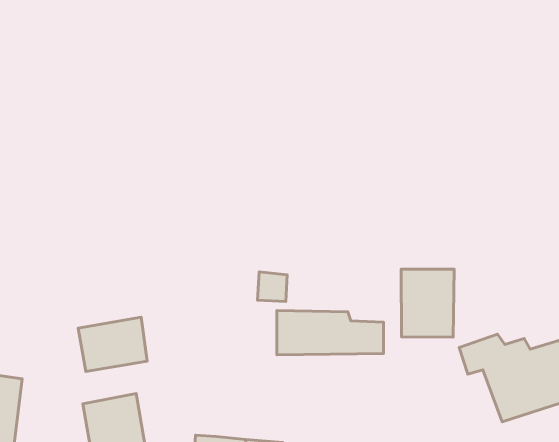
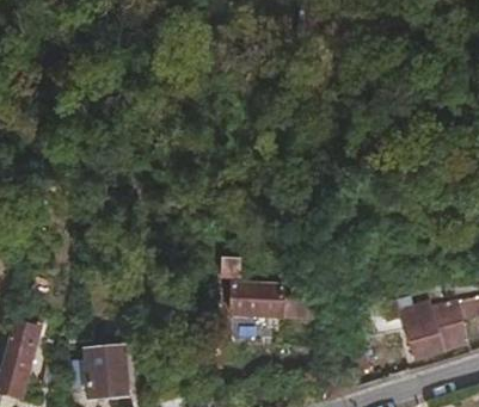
building: [401,269,454,337] -> none
building: [78,317,147,371] -> none

